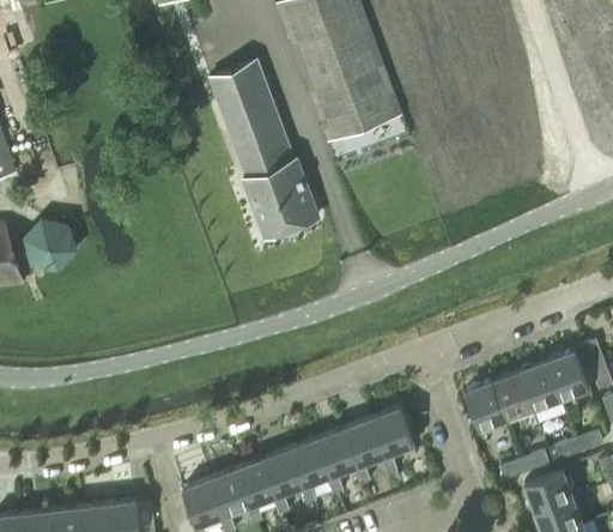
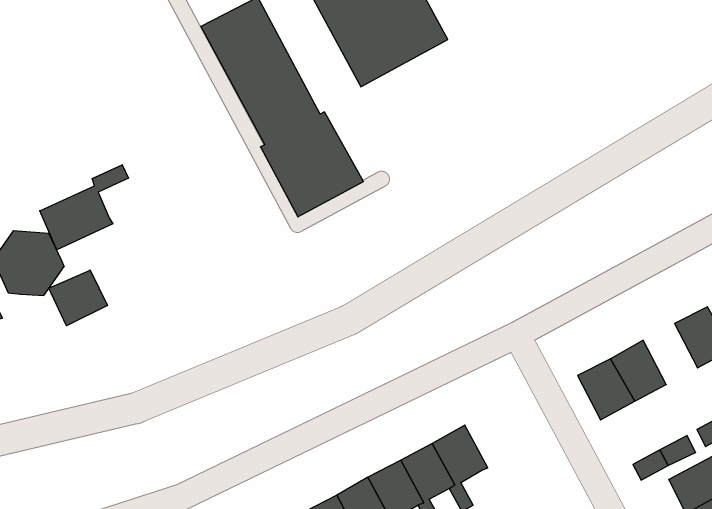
building: none -> [40,165,128,250]
building: none -> [49,270,107,326]
building: [521,362,560,409] -> none
building: [372,409,413,474] -> none

